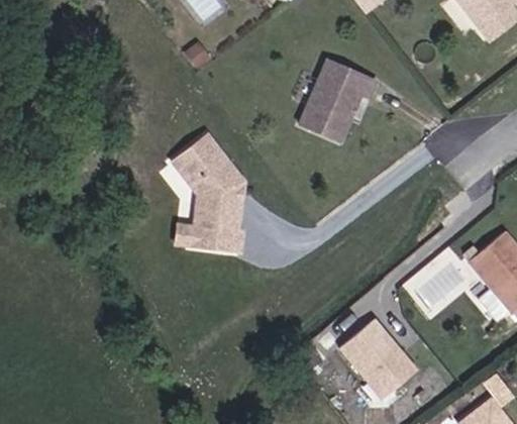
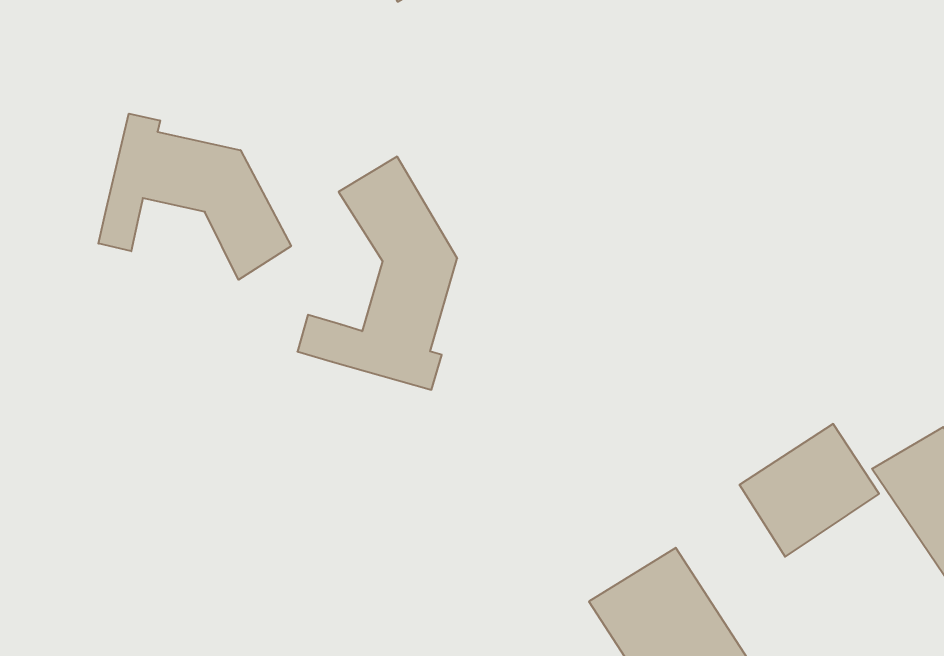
building: [298,55,375,138] -> none
building: none -> [98,114,291,280]

